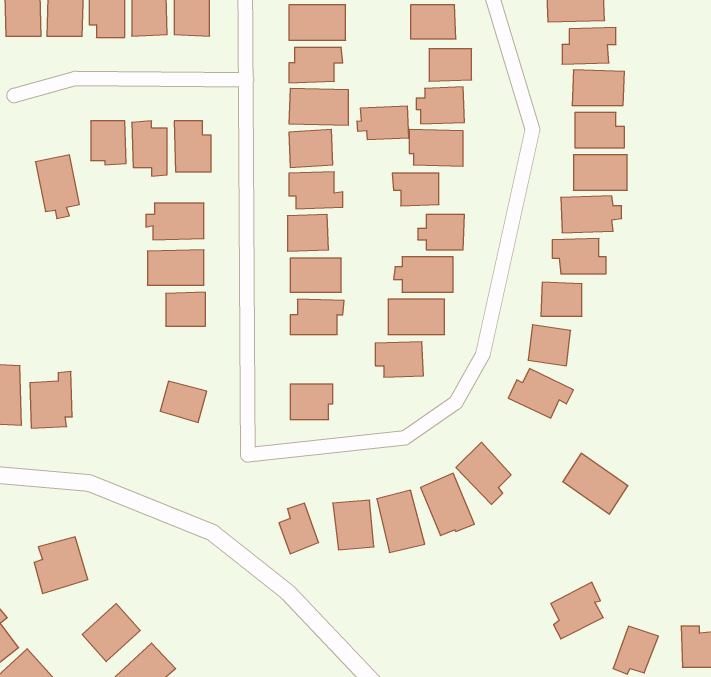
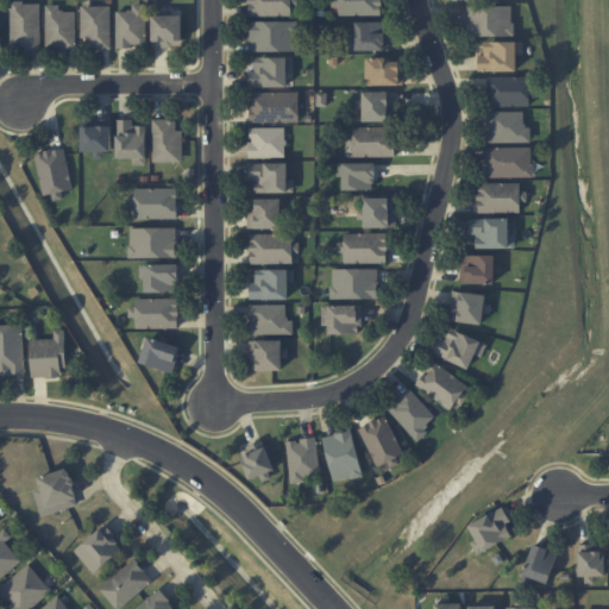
building: [357,106,408,140] -> none
building: none -> [128,297,178,328]
building: none -> [249,304,291,334]
building: [563,453,628,514] -> [415,360,470,412]

